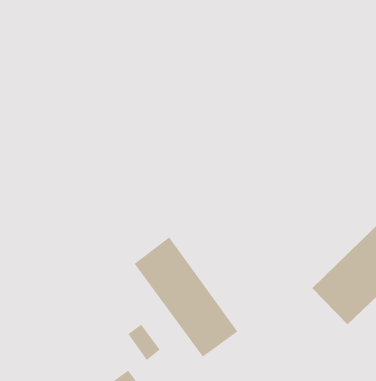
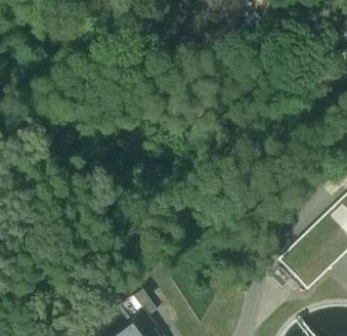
building: [134,237,238,357] -> none

